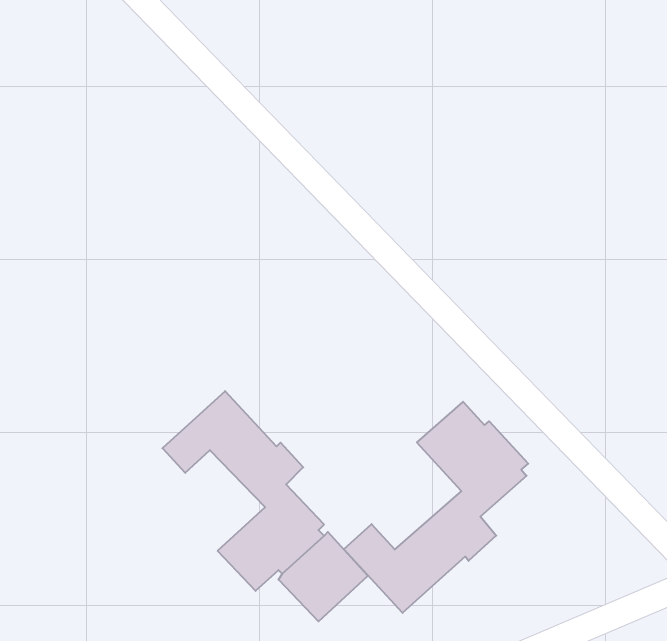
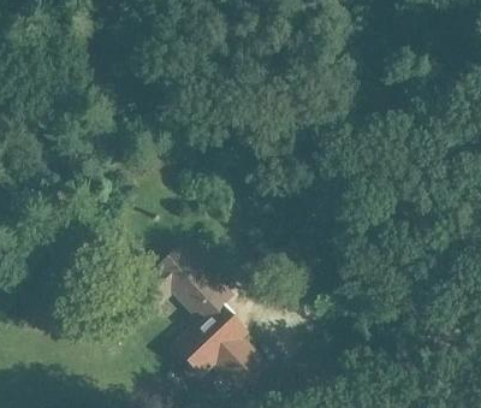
building: [344,402,528,613] -> none

